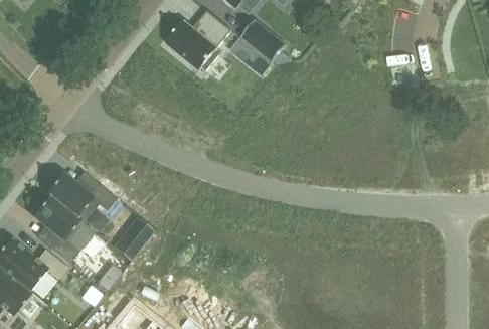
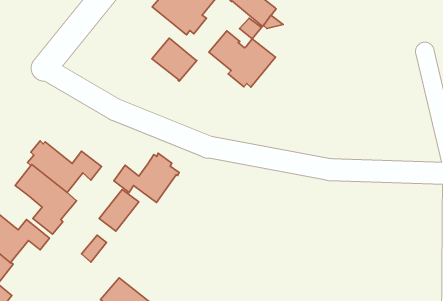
building: none -> [209,31,275,87]
building: none -> [152,38,197,81]
building: none -> [114,153,179,203]

